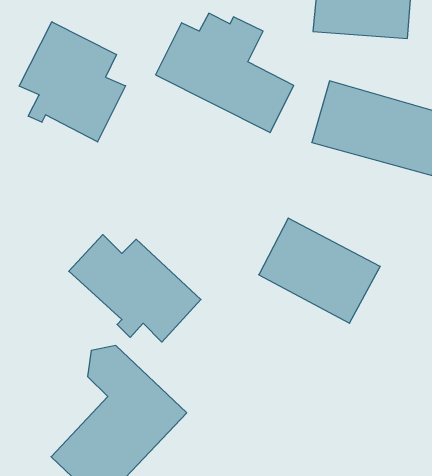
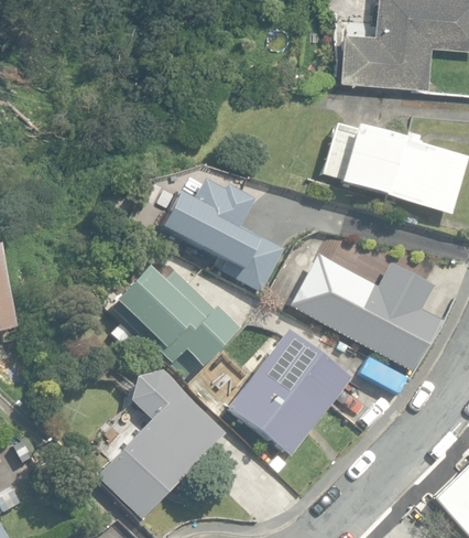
building: [156,13,294,133] -> [156,180,285,291]
building: [19,22,126,142] -> none
building: none -> [227,331,348,454]

